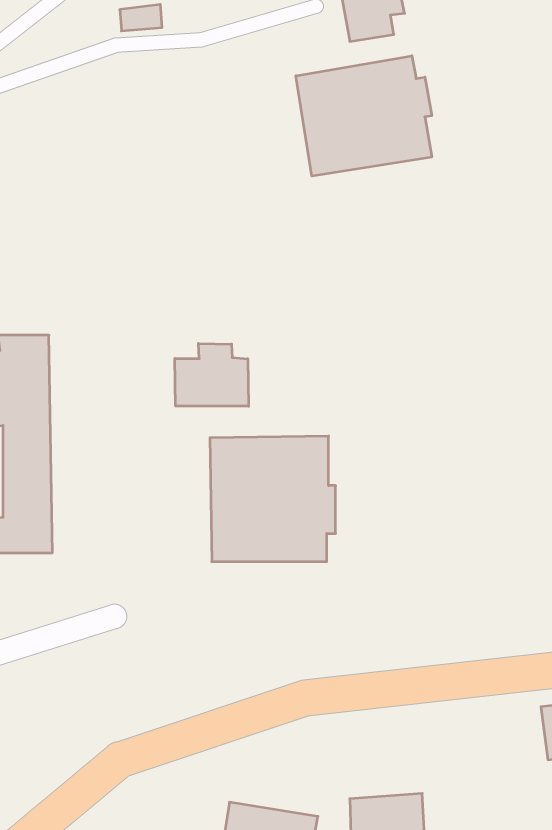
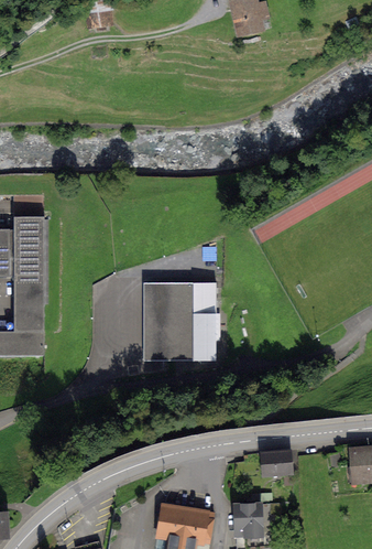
building: [296,56,432,176] -> none
building: [175,343,249,406] -> none
building: none -> [258,451,292,476]

